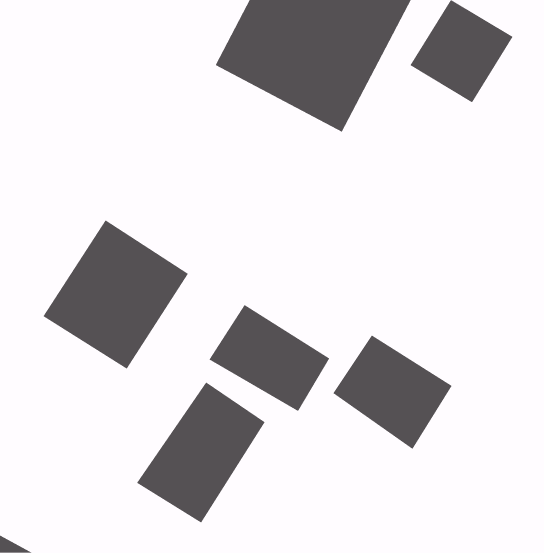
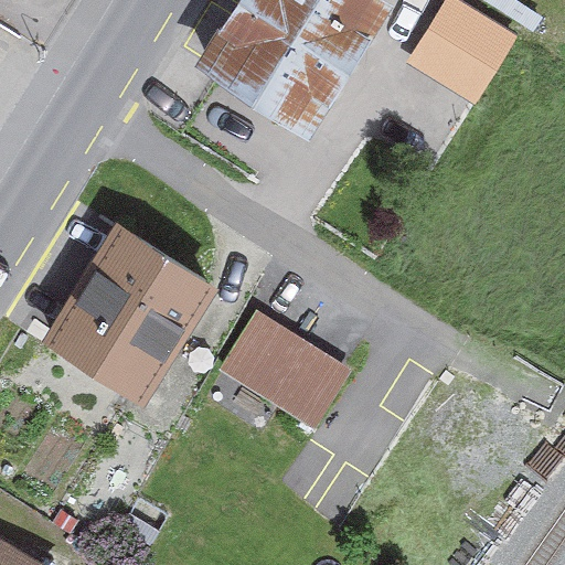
building: [333,334,452,450] -> none
building: [136,382,265,524] -> none

